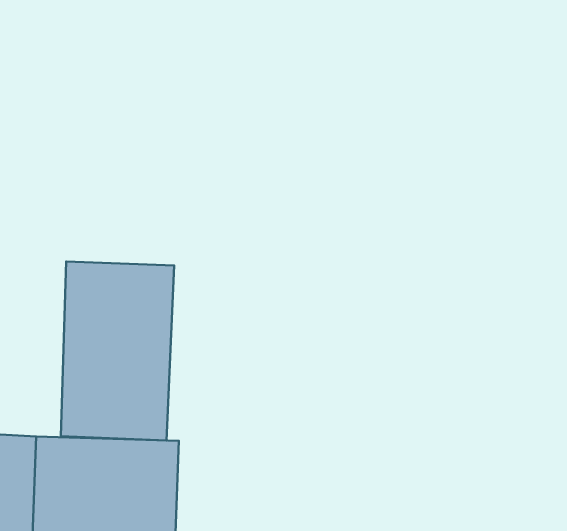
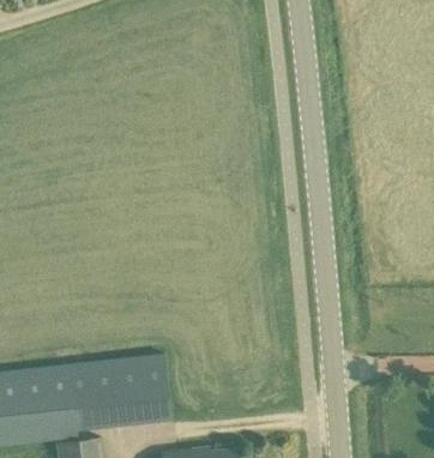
building: [61,262,174,440] -> none

